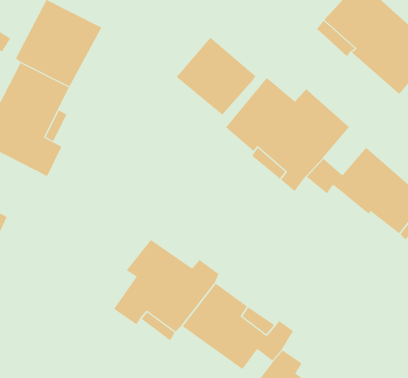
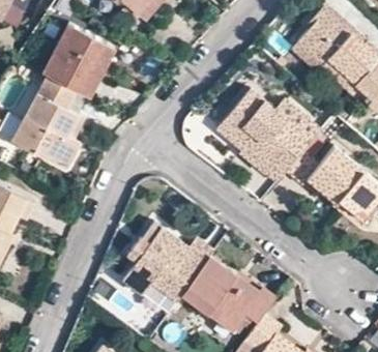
building: [176,37,256,116] -> none

